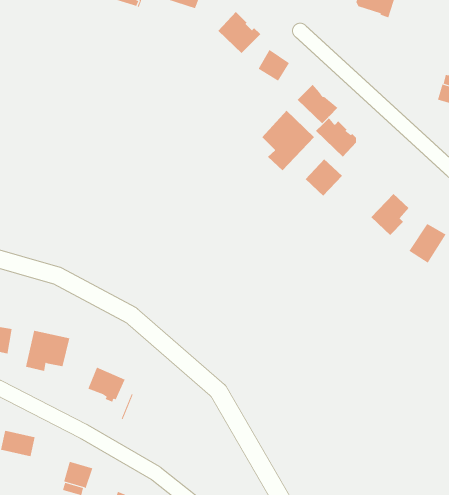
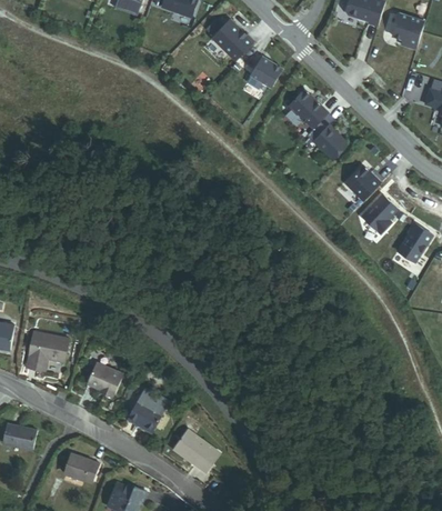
building: none -> [392,13,424,49]
building: [261,110,315,171] -> none
building: [305,158,343,196] -> [344,166,381,202]
building: none -> [128,389,169,429]
building: none -> [172,429,220,472]

